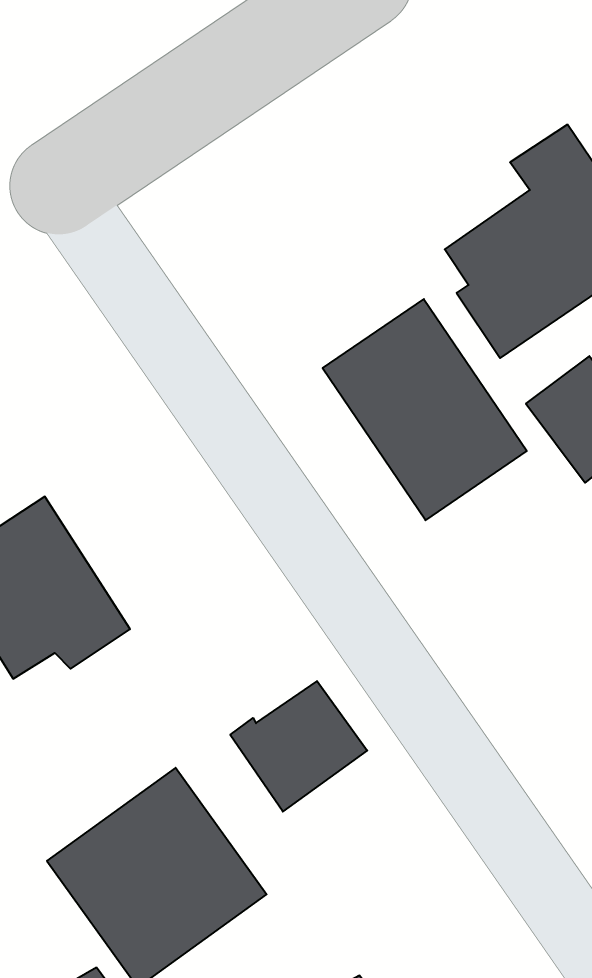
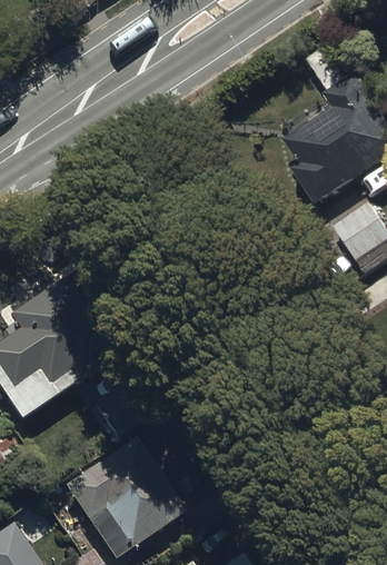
building: [323,299,527,520] -> none
building: [230,681,367,812] -> none

